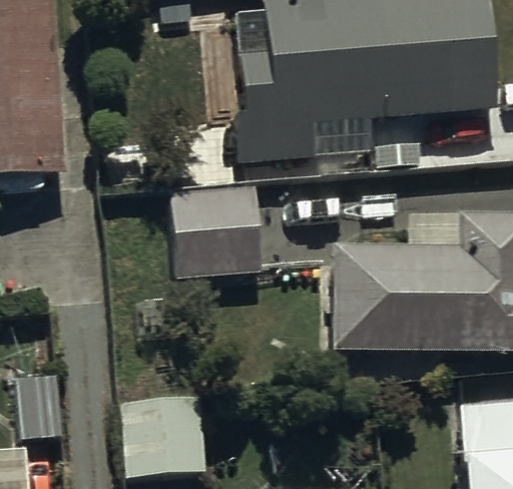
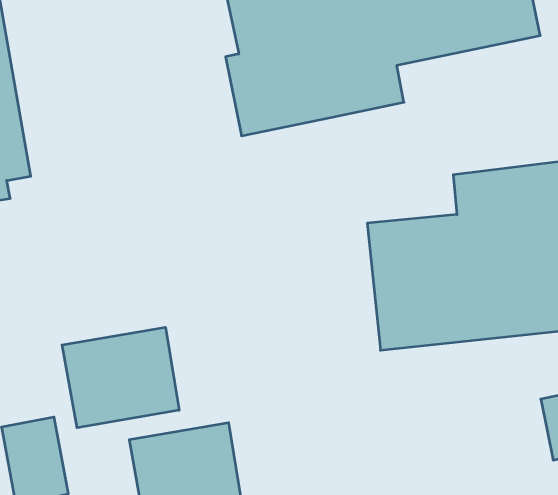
building: [170,186,262,277] -> none
building: none -> [62,327,179,428]

